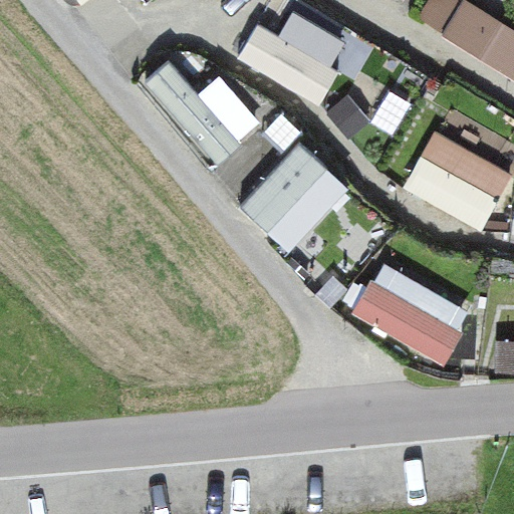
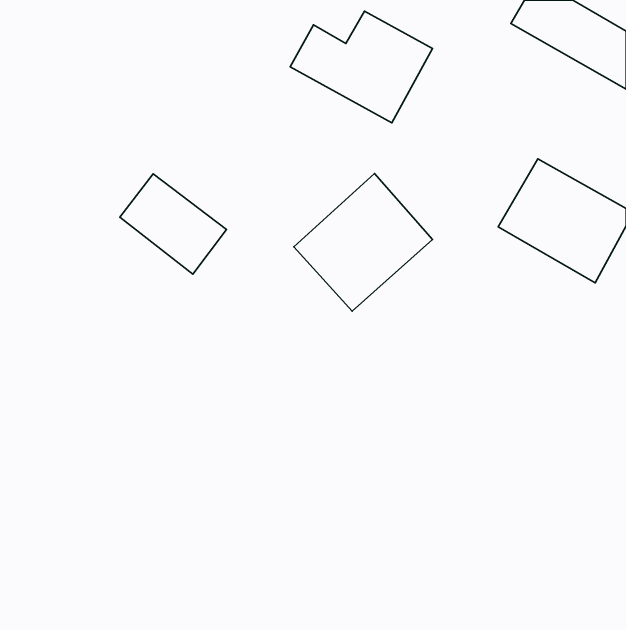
building: [139,52,225,134] -> [120,174,226,274]
building: [352,262,473,366] -> none

